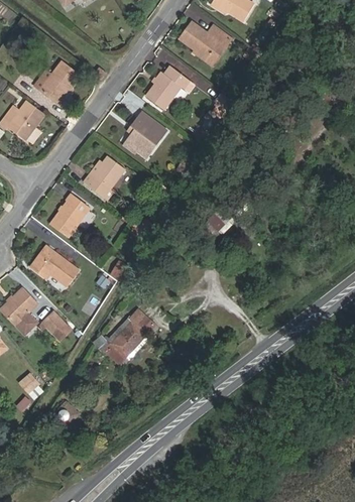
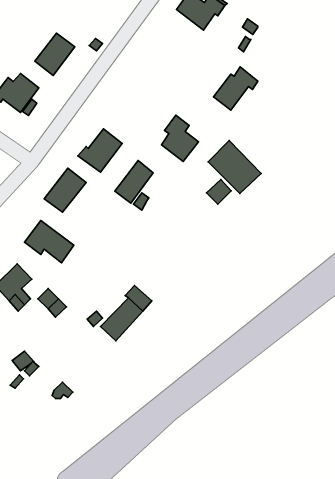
building: [145,67,189,109] -> [213,67,258,110]
building: [126,111,162,156] -> [162,115,199,161]
building: none -> [208,141,261,193]
building: none -> [115,161,153,203]

